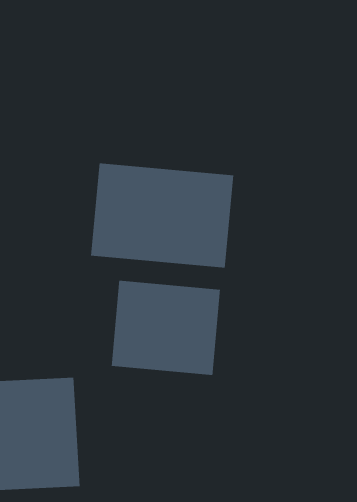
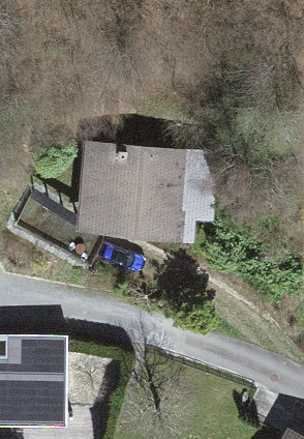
building: [111,280,221,376] -> none

